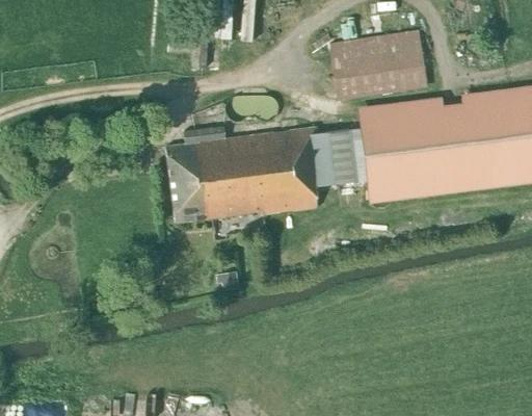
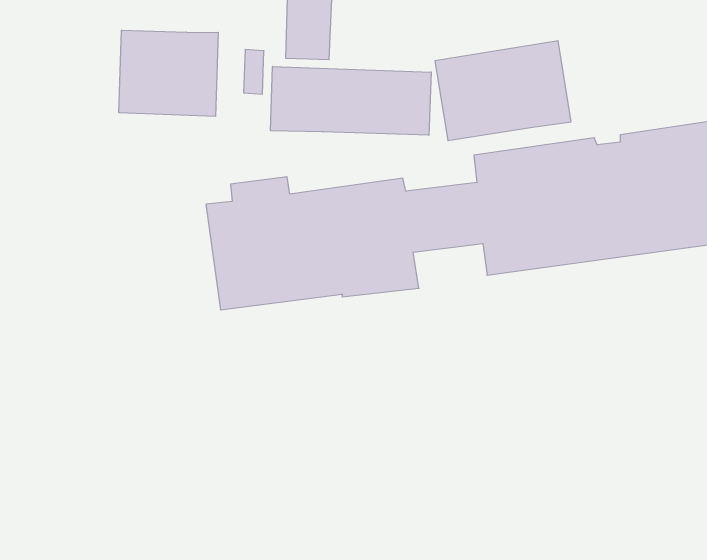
building: none -> [119,30,218,116]
building: none -> [270,66,431,135]

